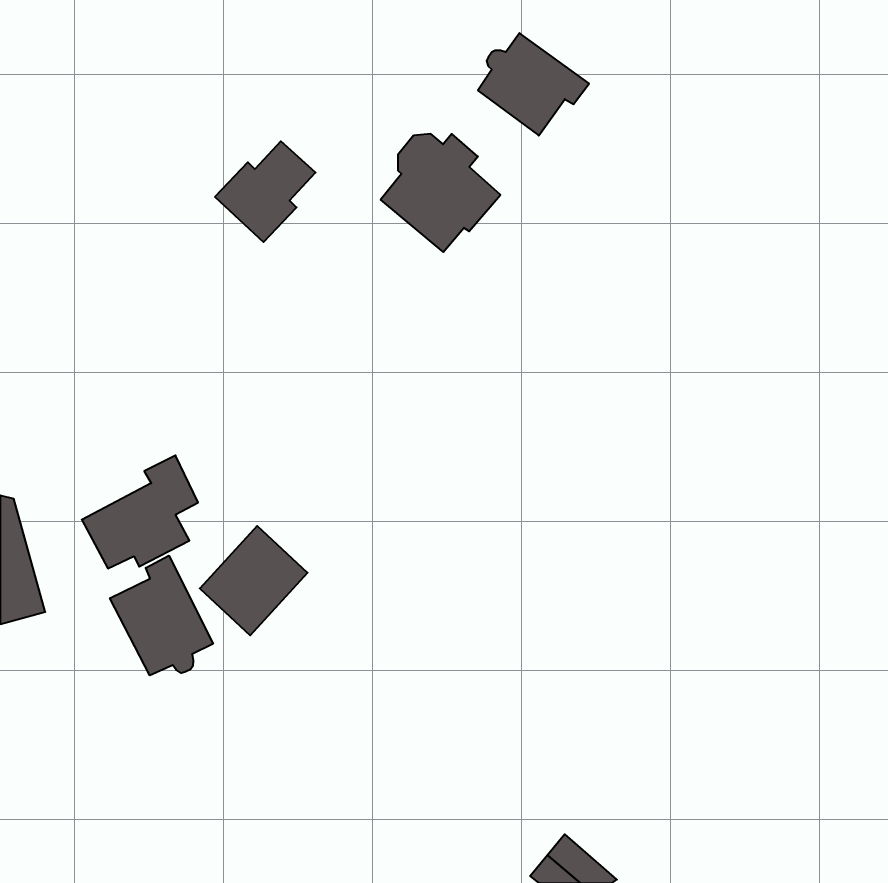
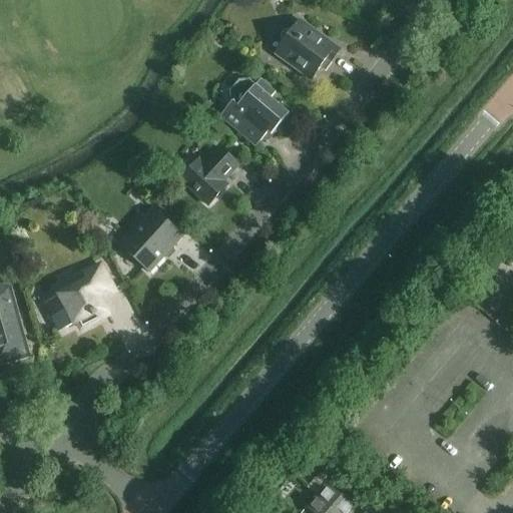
building: [215,141,316,242] -> [180,145,238,203]
building: [200,526,308,635] -> [120,207,182,271]
building: [110,556,213,675] -> none

